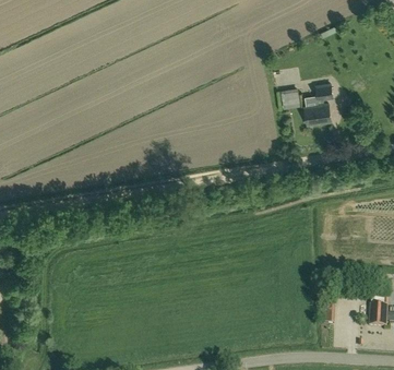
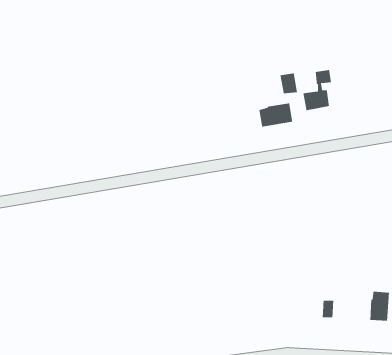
building: none -> [258,103,293,128]

